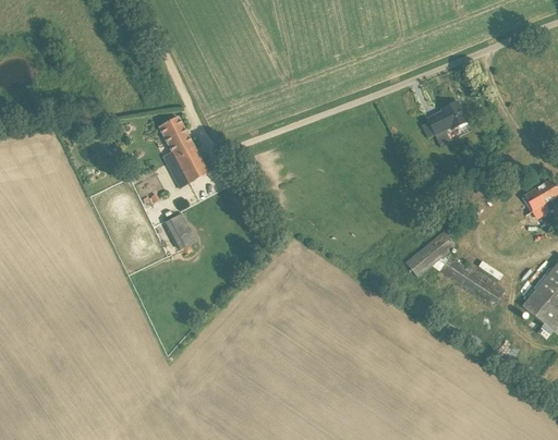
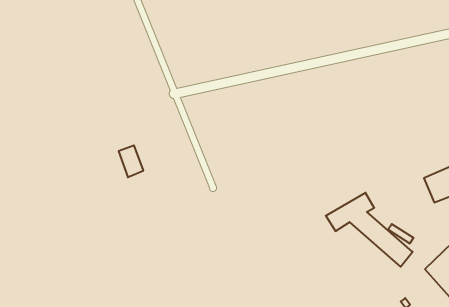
building: [428,100,468,134] -> none
building: [159,117,208,182] -> none

